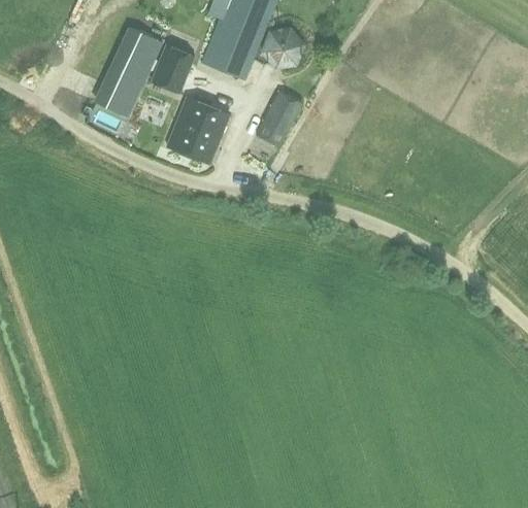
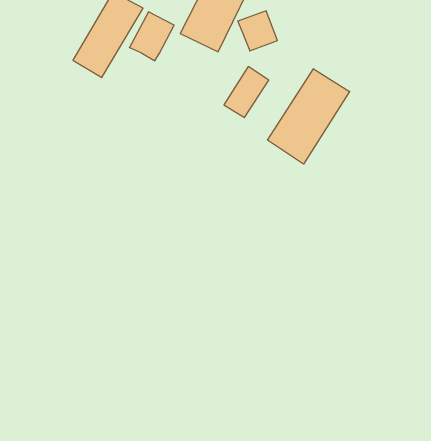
building: none -> [268,69,350,164]
building: [167,96,230,162] -> none

